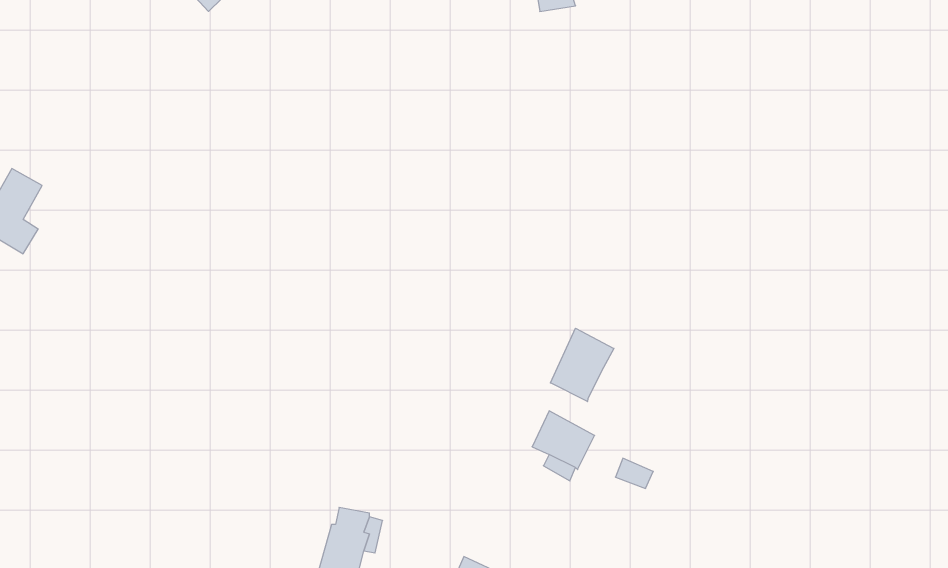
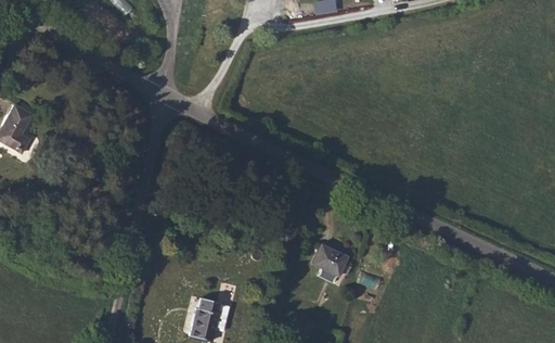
building: [550,328,614,402] -> none

